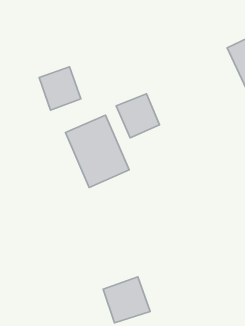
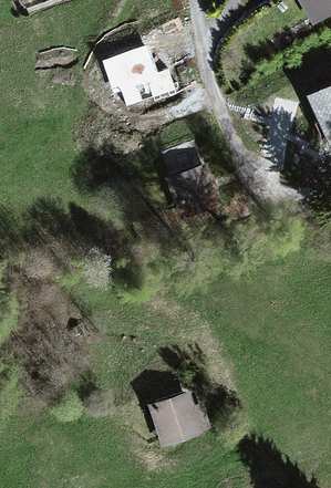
building: [39,67,81,110] -> [113,51,166,106]
building: [65,115,129,188] -> none

